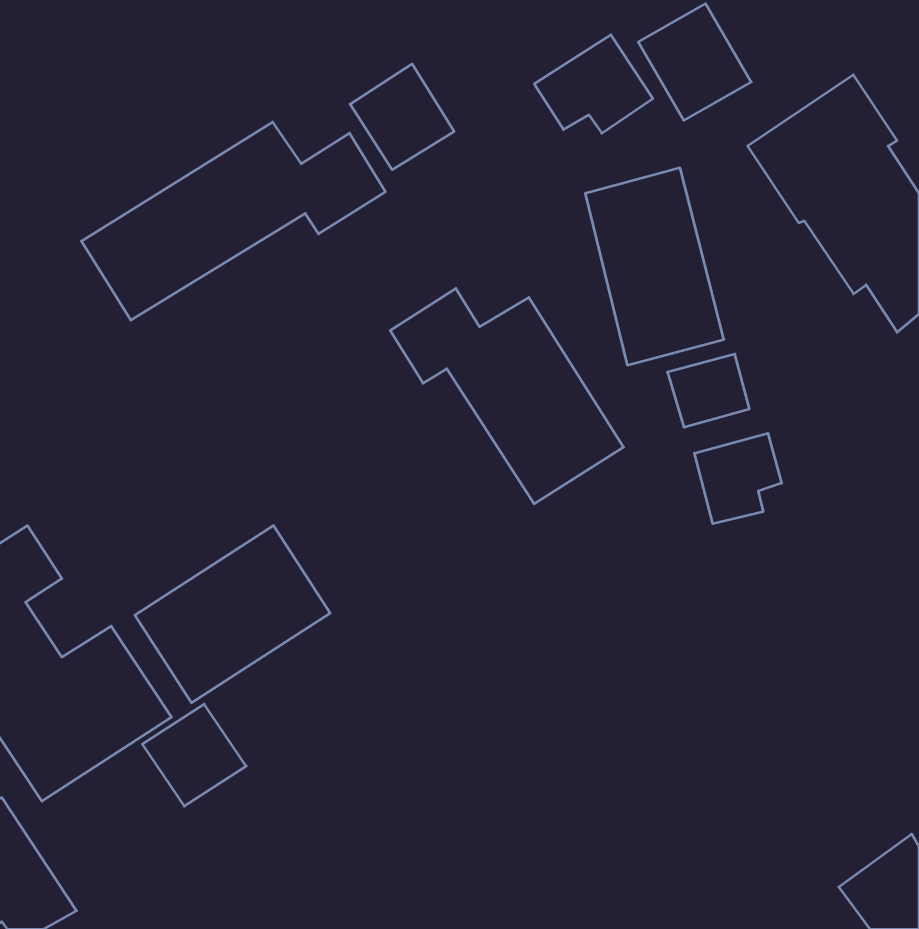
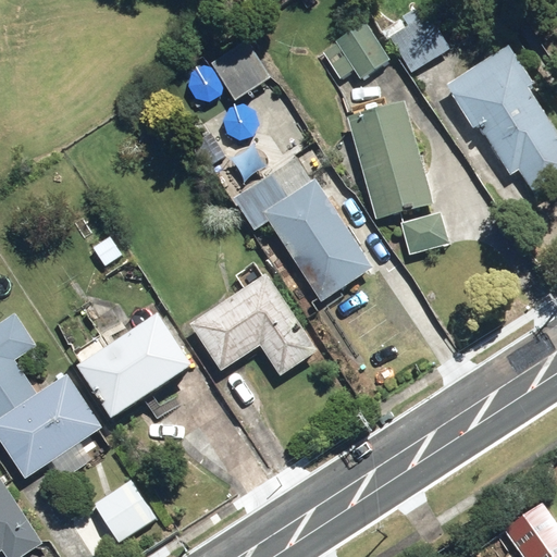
building: [81,122,385,320] -> none
building: [694,433,782,524] -> none
building: none -> [190,273,319,376]
building: [142,704,246,806] -> [91,481,153,542]

